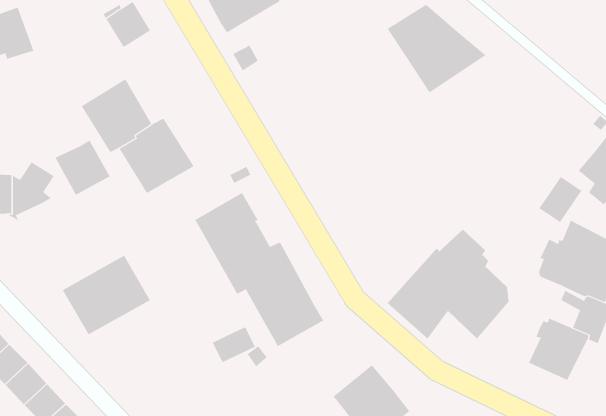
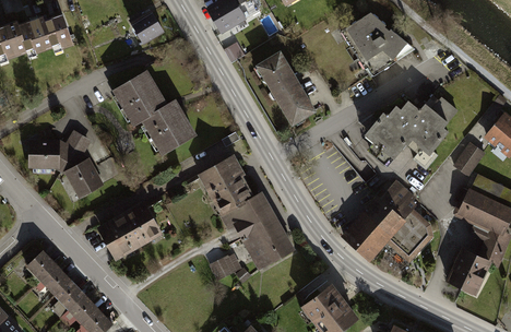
building: none -> [254,48,316,125]
building: none -> [364,95,456,159]
building: [55,140,110,195] -> [62,157,104,199]

